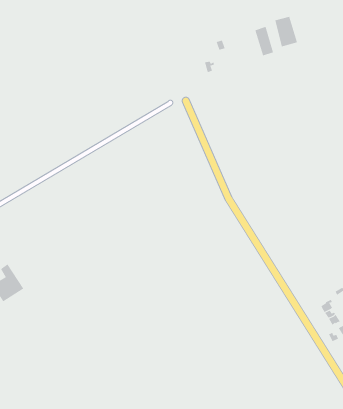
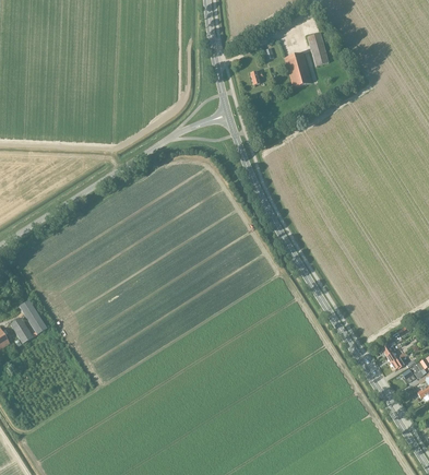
building: [274,16,298,47] -> [285,52,311,87]

